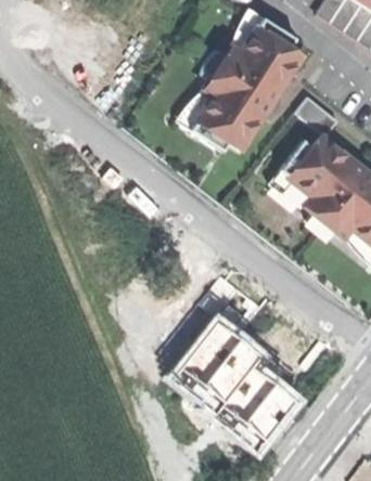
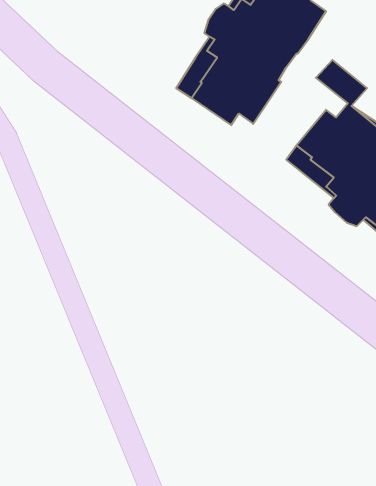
building: [168,312,302,448] -> none

